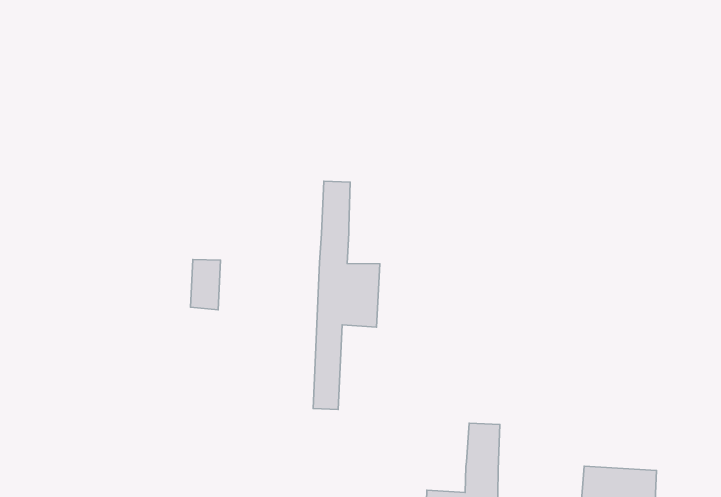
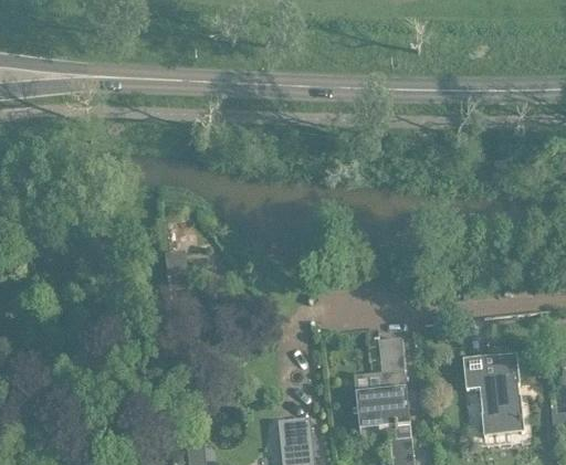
building: [313,181,380,410] -> none

